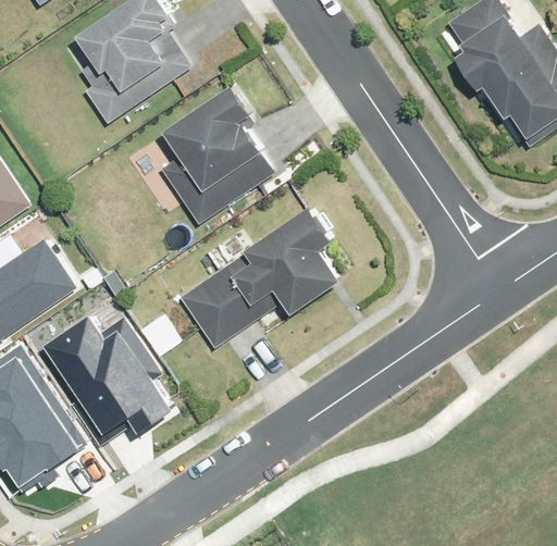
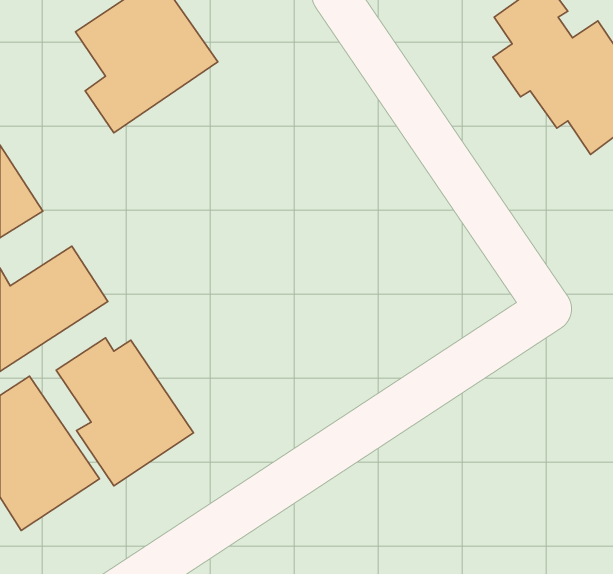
building: [143,86,270,227] -> none
building: [177,210,333,350] -> none

